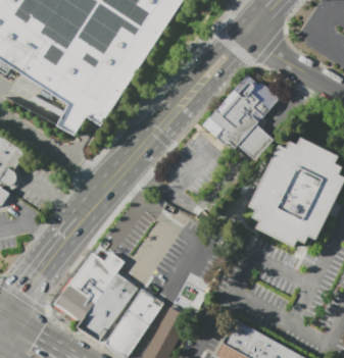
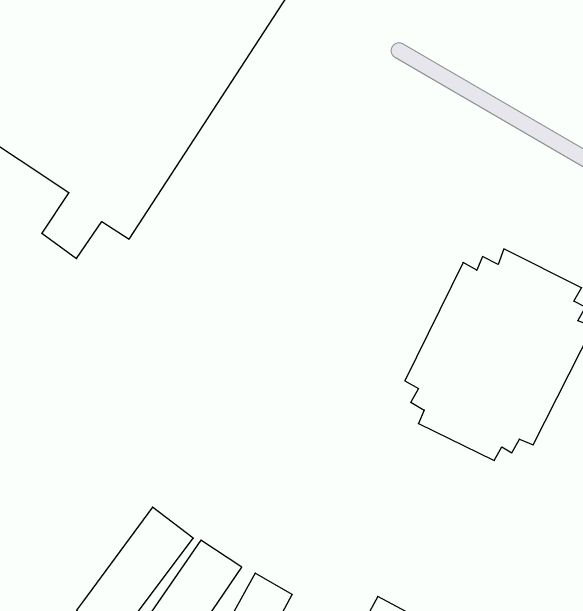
building: [201,74,279,160] -> none
building: [53,210,153,321] -> none

